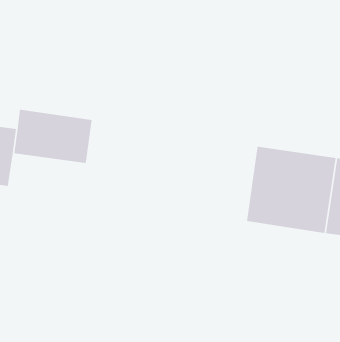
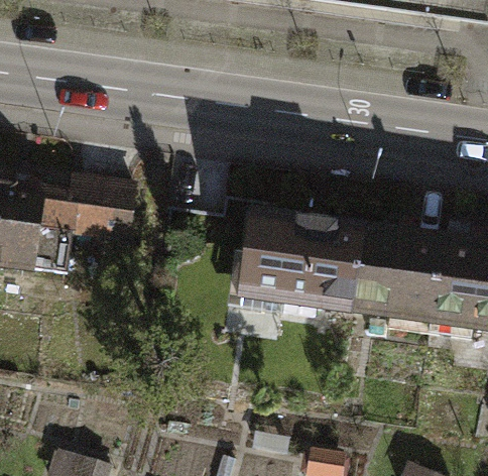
building: none -> [230,202,341,308]

